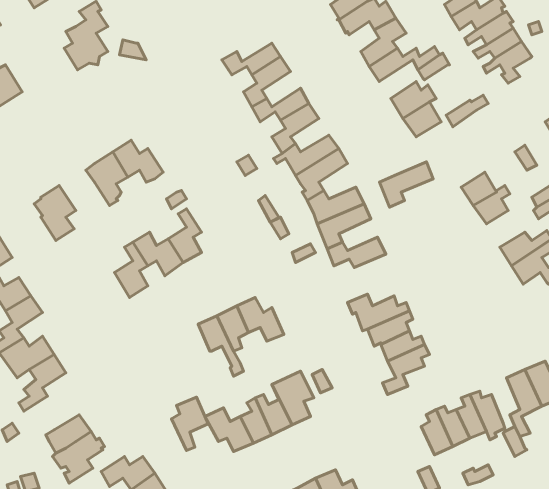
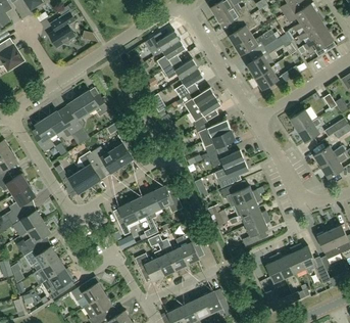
building: [379,162,433,207] -> [216,160,249,188]
building: none -> [46,109,82,141]
building: none -> [55,166,89,194]
building: none -> [24,247,58,268]
building: [171,397,208,451] -> [115,203,138,236]

